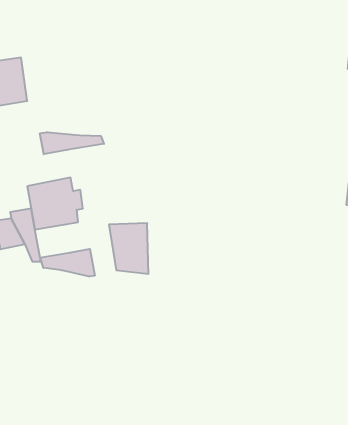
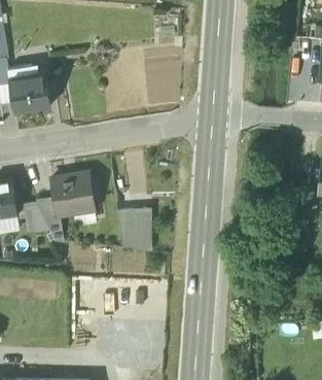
building: [40,132,104,154] -> none
building: [40,249,95,277] -> none

